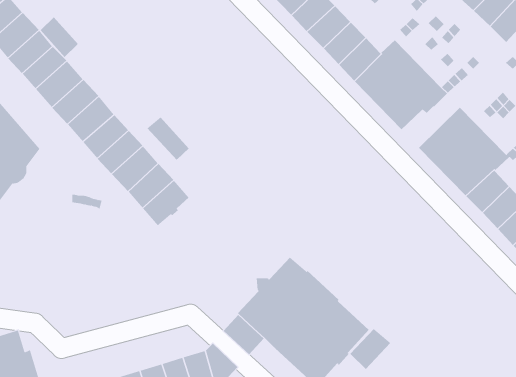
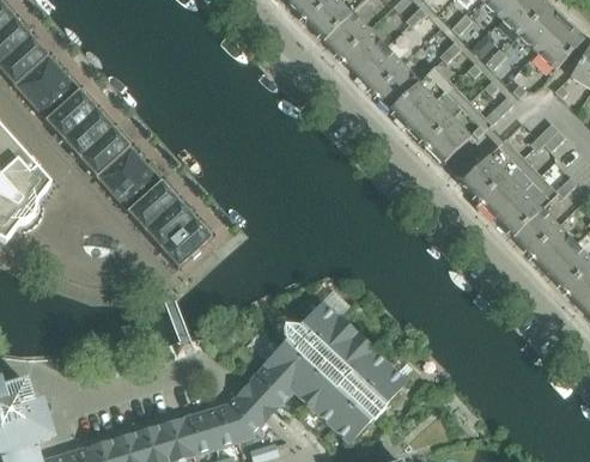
building: [40,16,79,58] -> none
building: [147,116,189,161] -> none
building: [350,328,391,370] -> none

